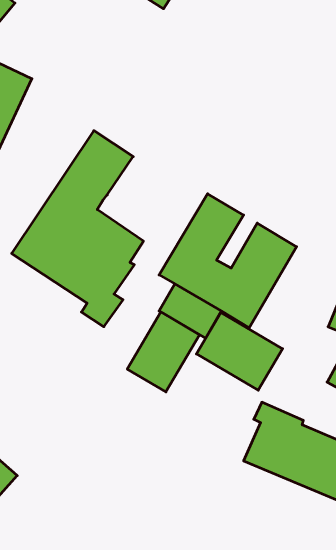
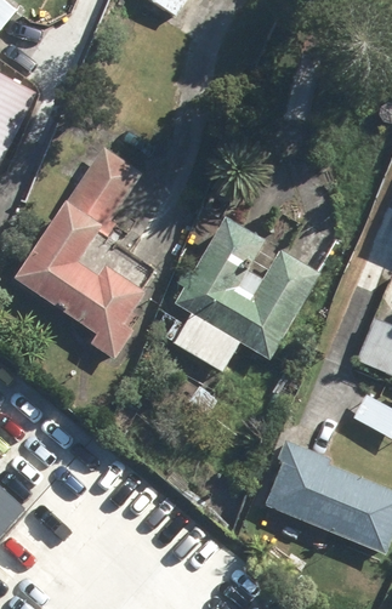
building: [127,312,199,392] -> none
building: [196,313,283,390] -> none

